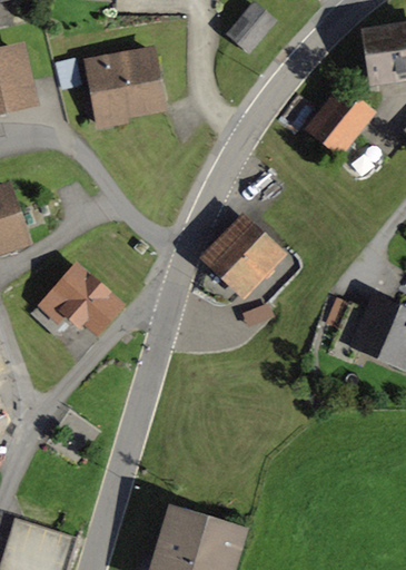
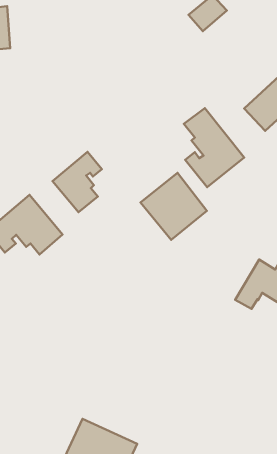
building: [90,49,161,124] -> none
building: none -> [184,108,244,187]
building: none -> [53,152,102,212]

